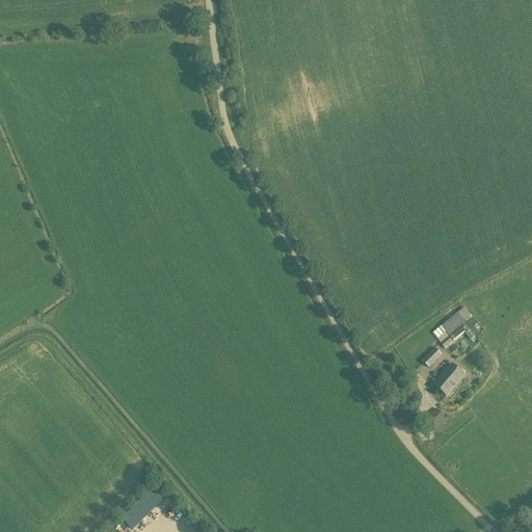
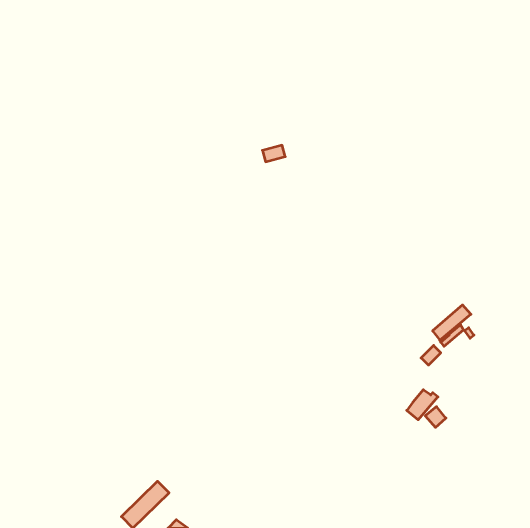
building: [435,364,467,394] -> [407,390,438,420]

